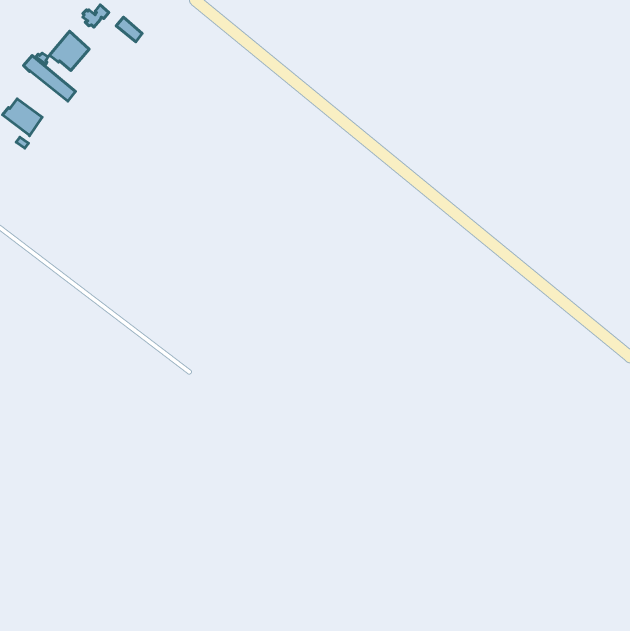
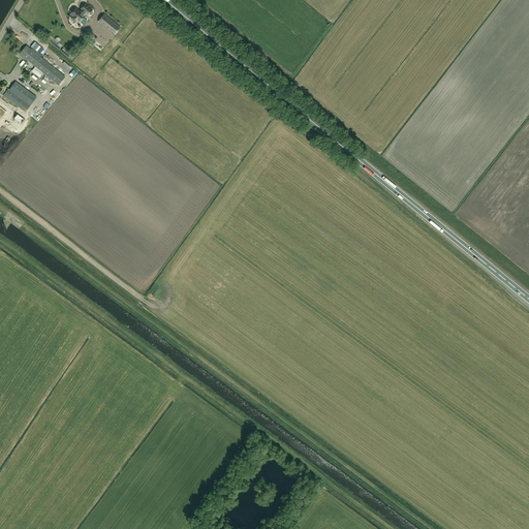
building: [49,31,89,70] -> none

